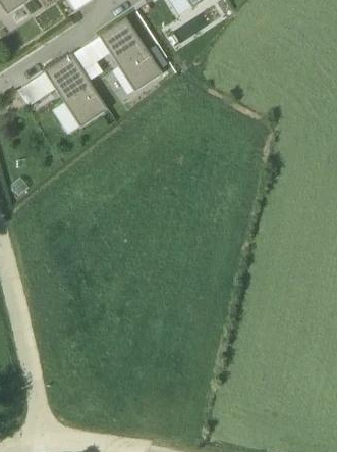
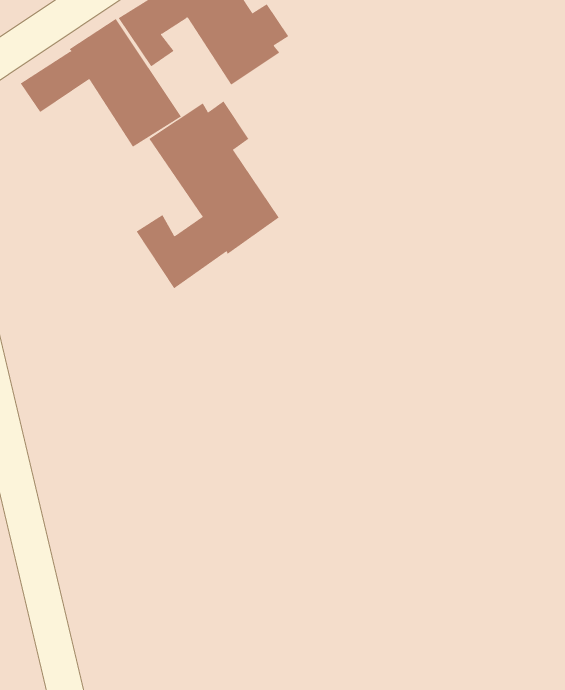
building: none -> [136,101,280,289]

